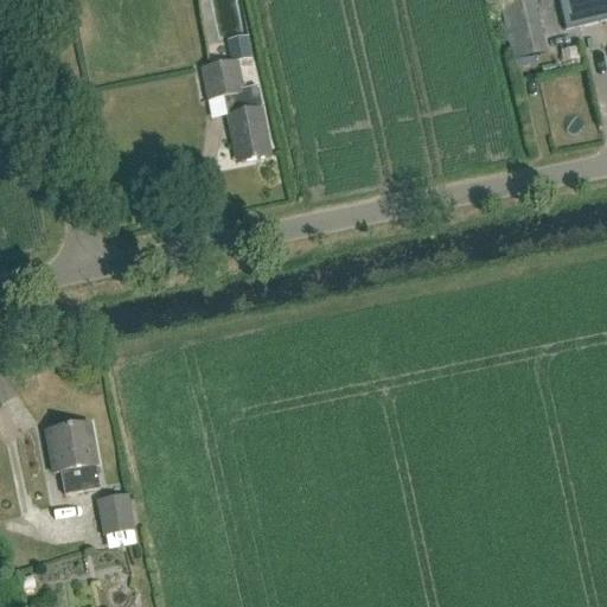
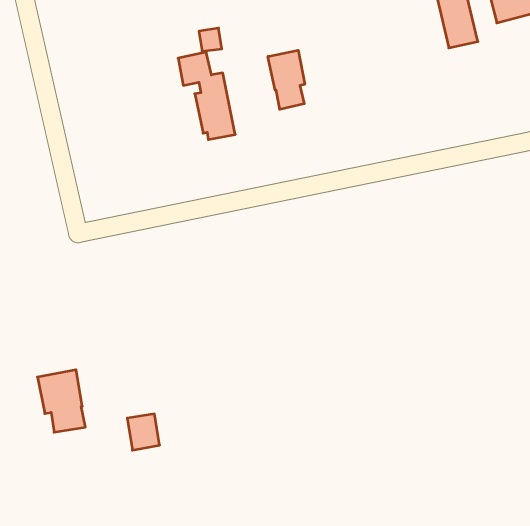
building: none -> [268,50,305,109]
building: [98,493,135,535] -> [127,414,160,450]

